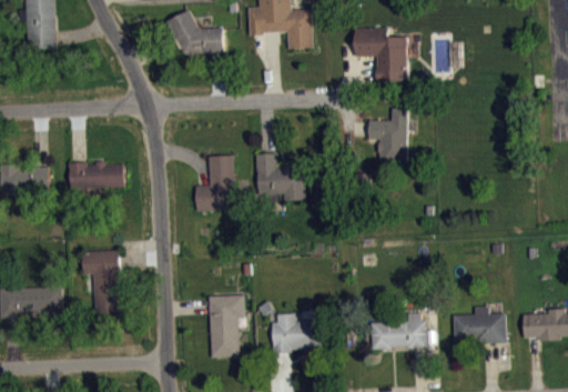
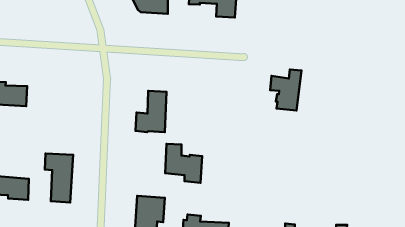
building: [355,27,408,81] -> none
building: [255,152,305,200] -> [165,144,202,183]
building: [69,160,124,188] -> none

